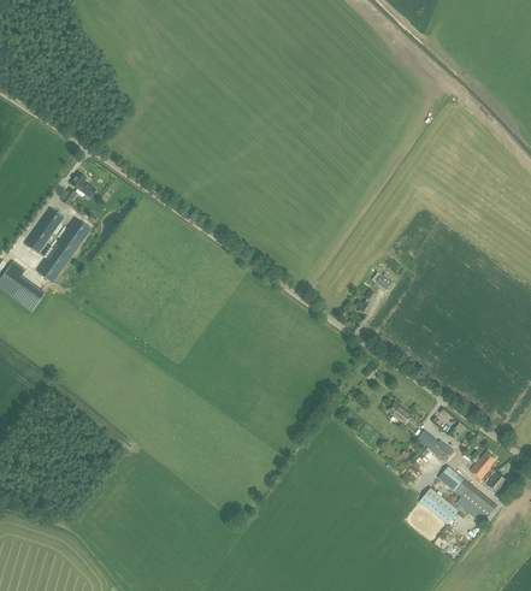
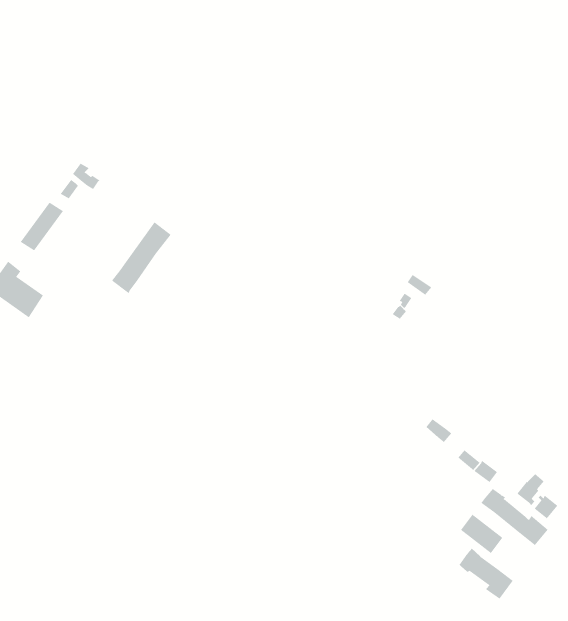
building: [36,218,90,283] -> [111,221,172,294]
building: none -> [459,548,514,599]

